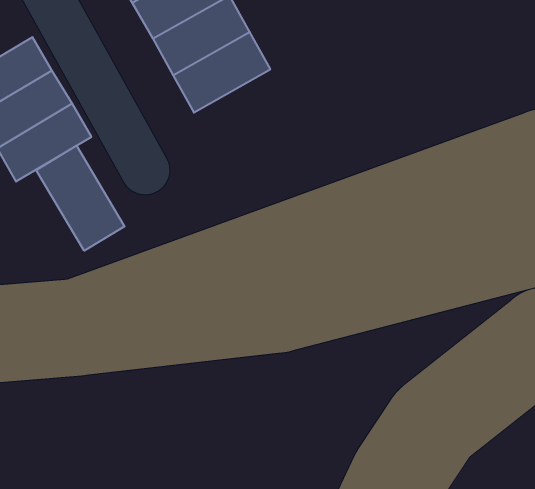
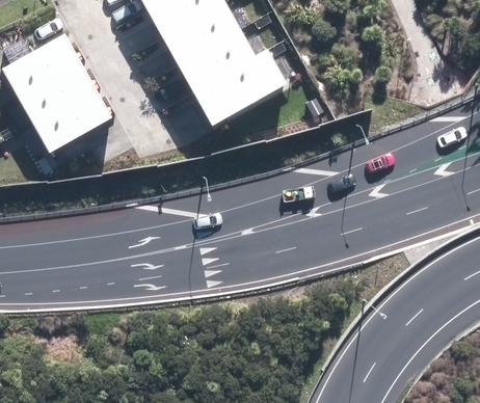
building: none -> [194,53,285,124]
building: [36,146,125,251] -> none

